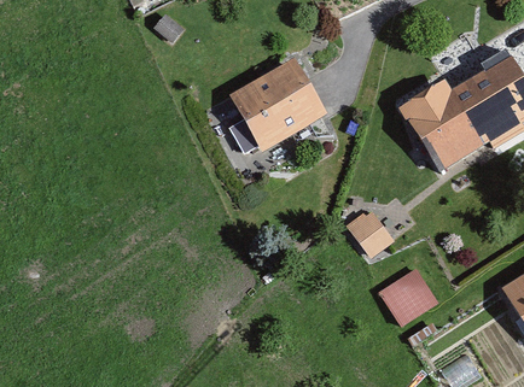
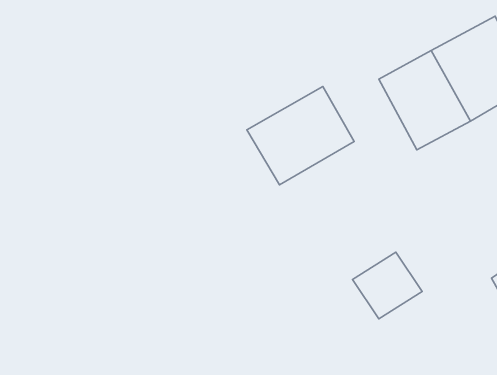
building: [227,59,326,149] -> [247,87,354,185]
building: [345,206,392,256] -> none

